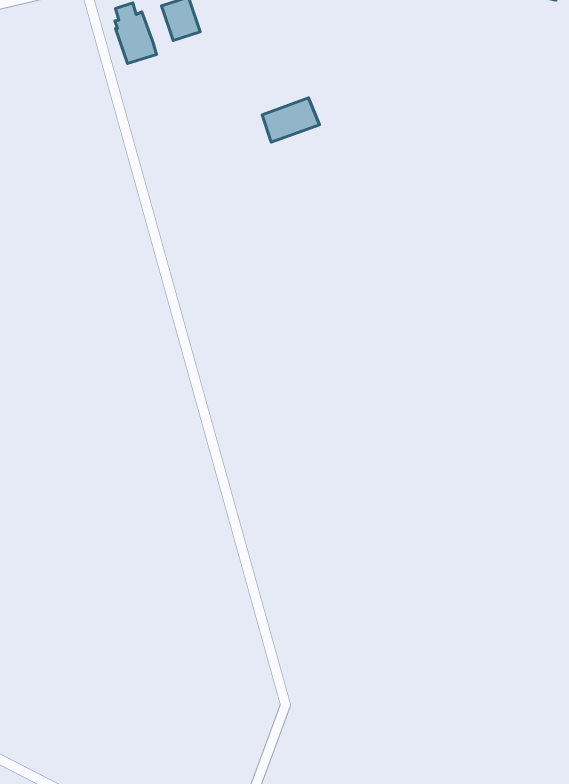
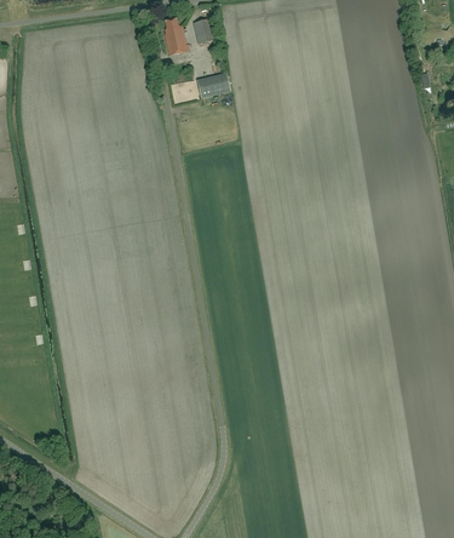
building: [262,98,319,142] -> [196,74,230,98]

